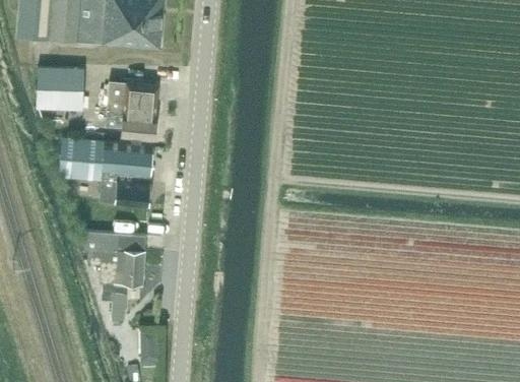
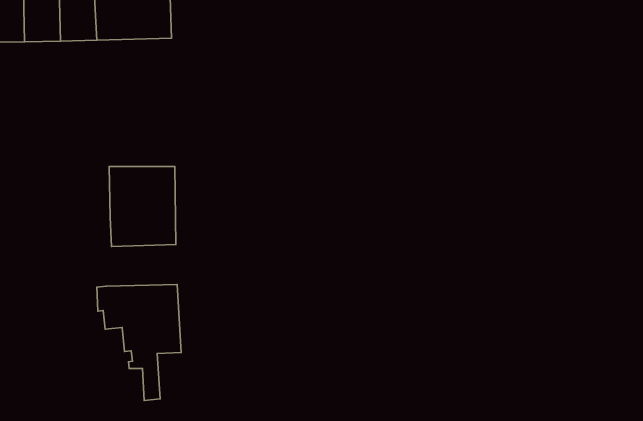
building: [37,67,83,107] -> none
building: [107,80,158,139] -> none
building: [60,135,103,178] -> none

